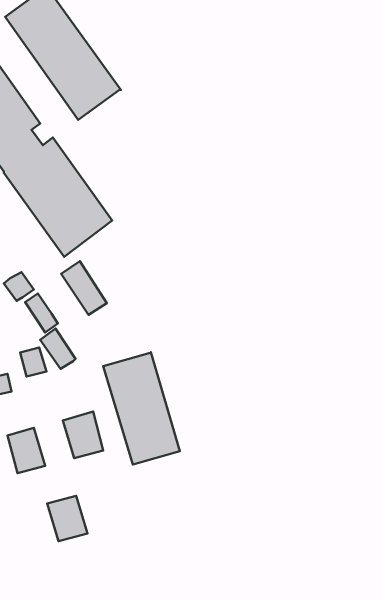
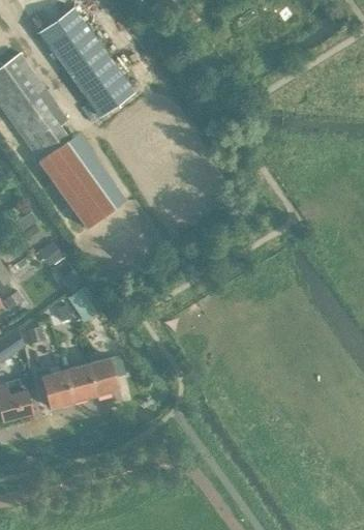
building: [61,261,107,315] -> none
building: [103,352,180,465] -> none
building: [47,496,87,541] -> [63,364,96,402]

